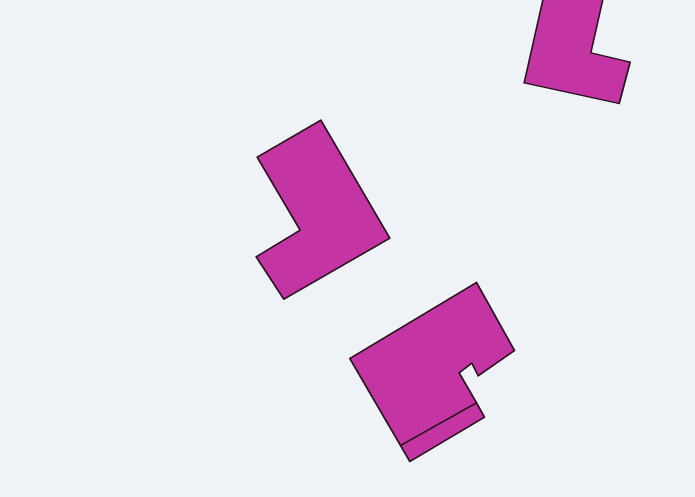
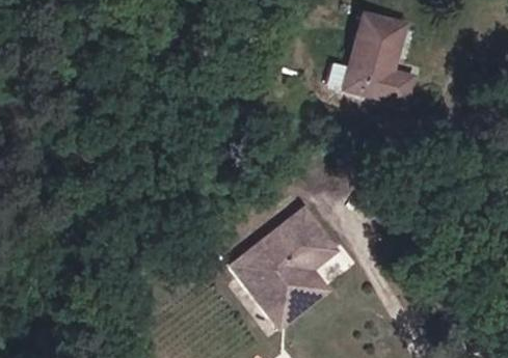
building: [256,120,390,299] -> none

